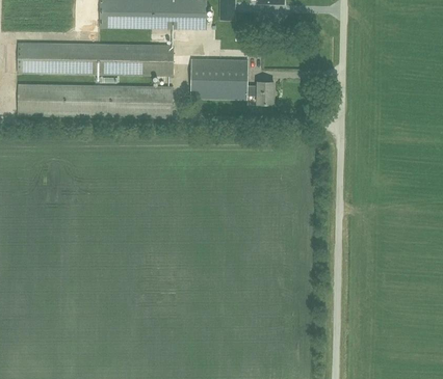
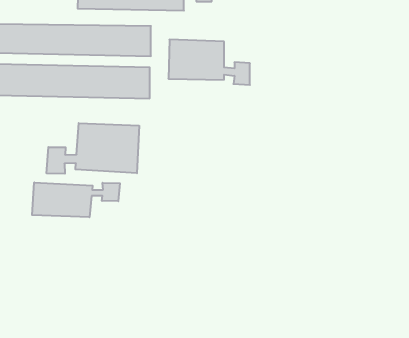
building: none -> [47,123,139,174]
building: none -> [32,182,120,217]

